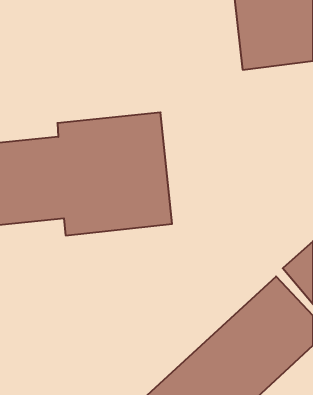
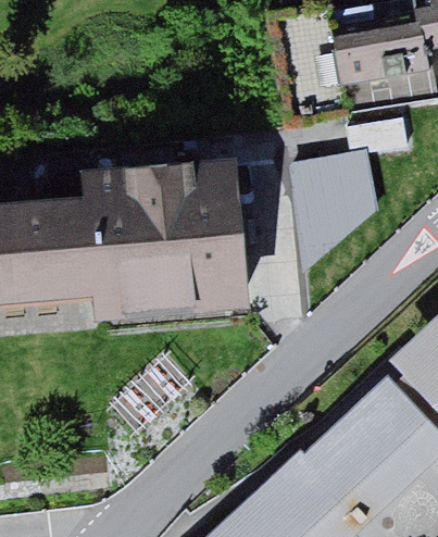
building: none -> [295,148,387,242]

